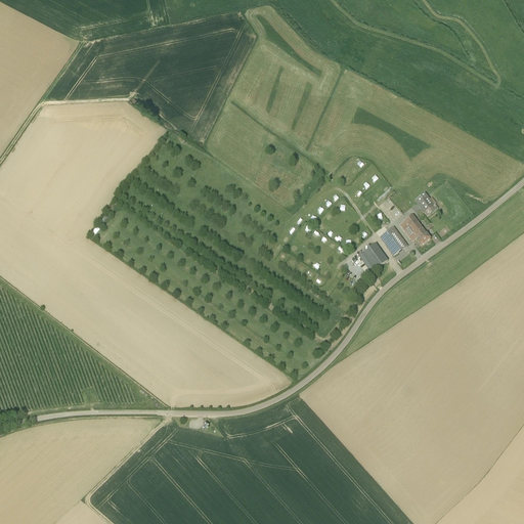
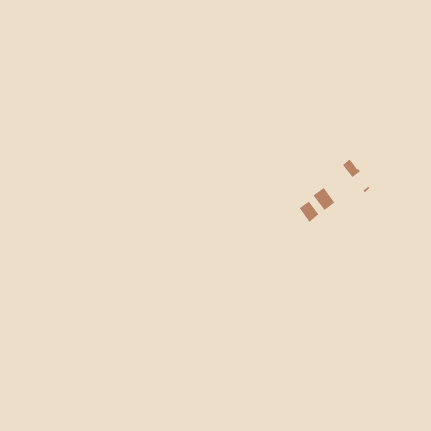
building: [398,214,429,245] -> none

